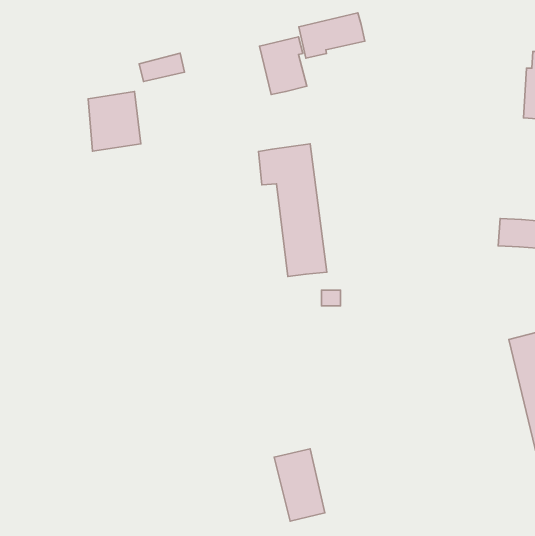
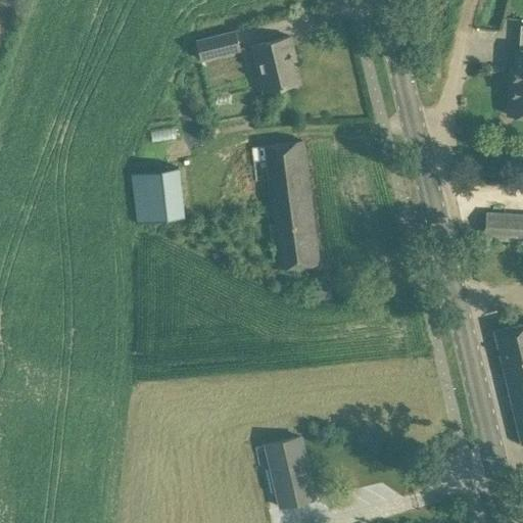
building: [299,13,365,58] -> none
building: [139,53,184,82] -> [199,32,243,59]
building: [88,91,141,151] -> [133,167,184,225]

